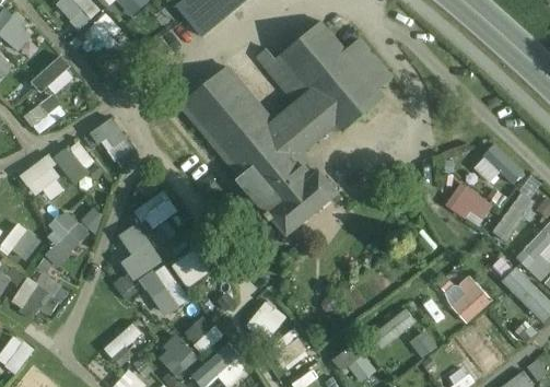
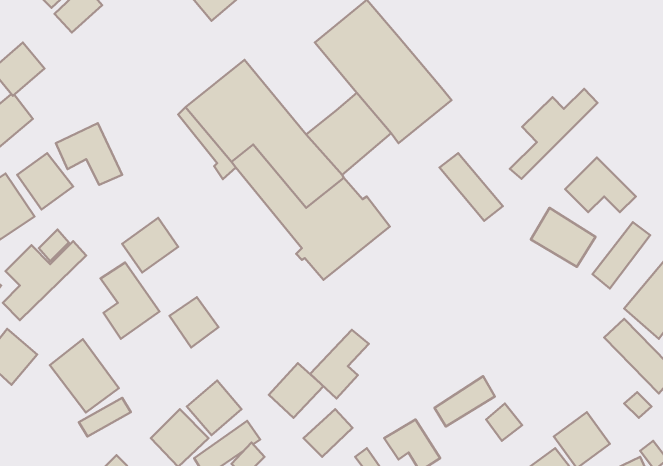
building: [343,40,391,92] -> [440,153,503,221]
building: [256,50,312,107] -> none
building: none -> [510,89,598,179]
building: [137,261,189,317] -> [50,339,119,413]
building: [443,273,492,322] -> none
building: none -> [310,330,369,398]

